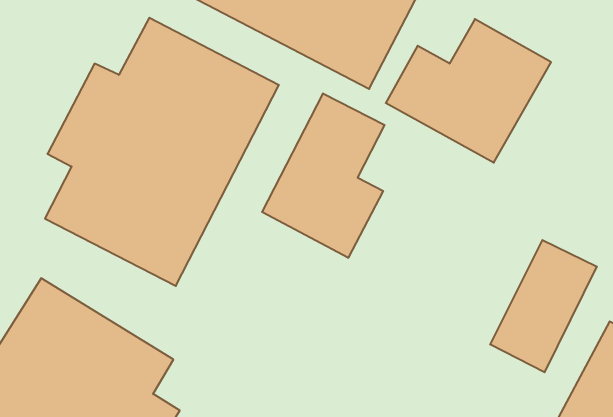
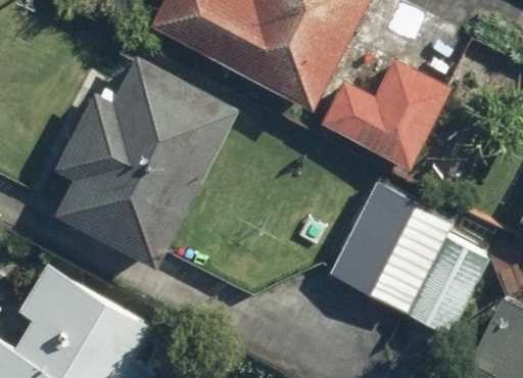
building: [262,93,385,258] -> none
building: none -> [328,174,460,318]

